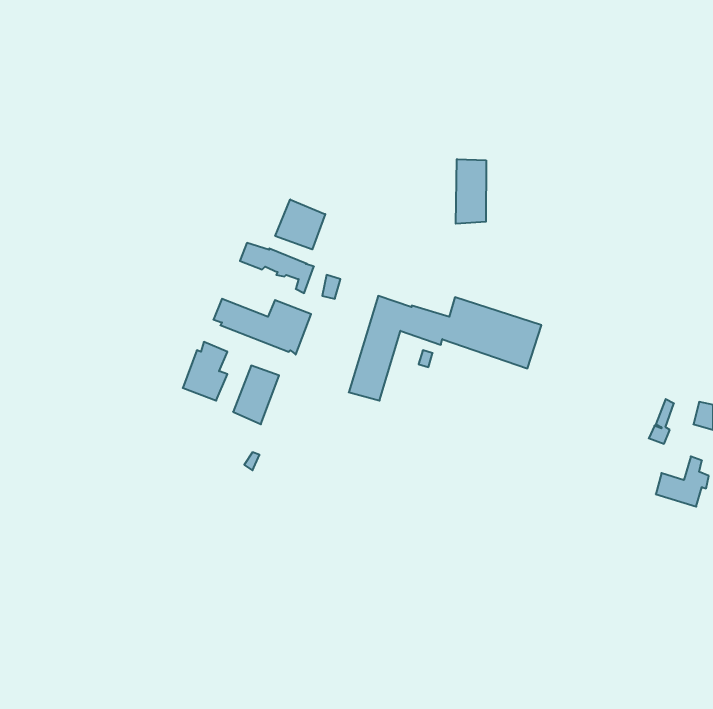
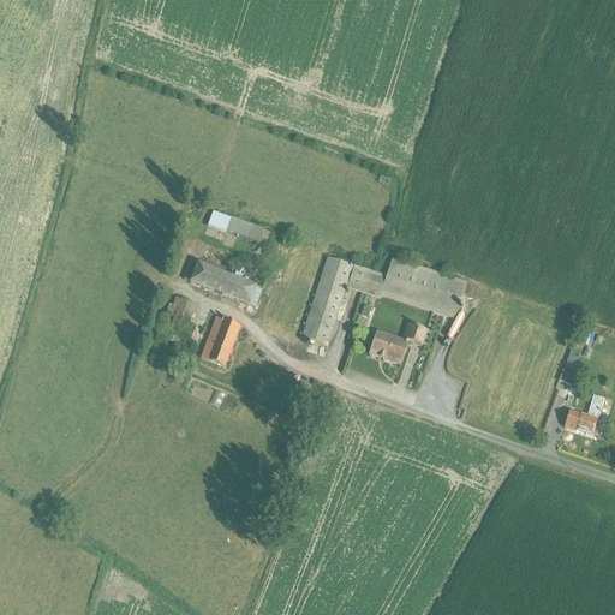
building: [456,159,486,224] -> none
building: [275,199,325,249] -> none
building: none -> [369,321,428,363]

